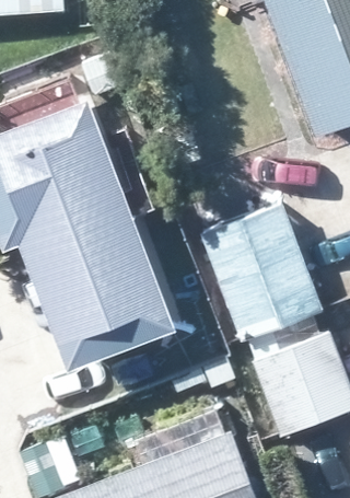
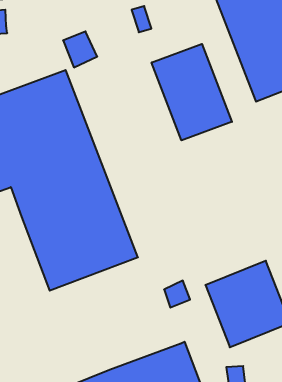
building: none -> [152,44,232,140]
building: [203,205,318,336] -> none

